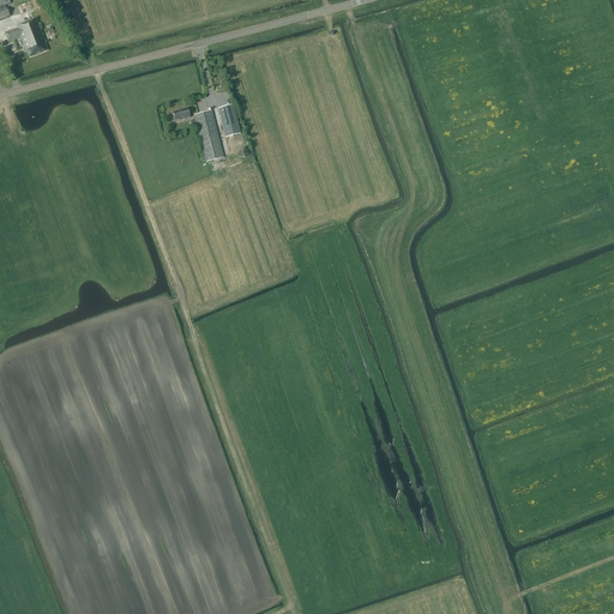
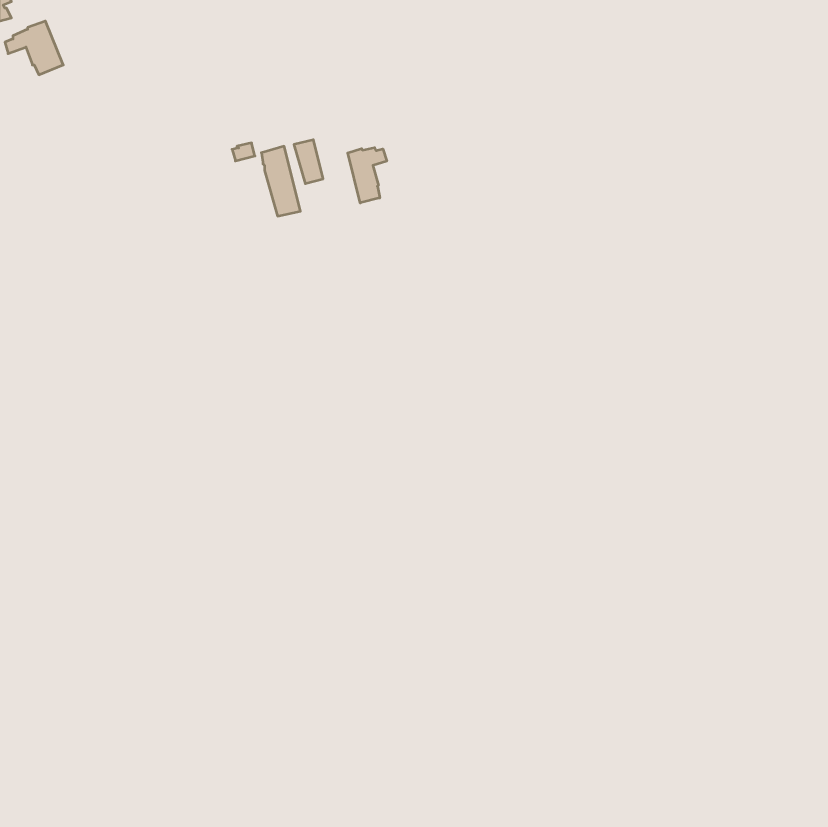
building: none -> [348,148,387,203]

